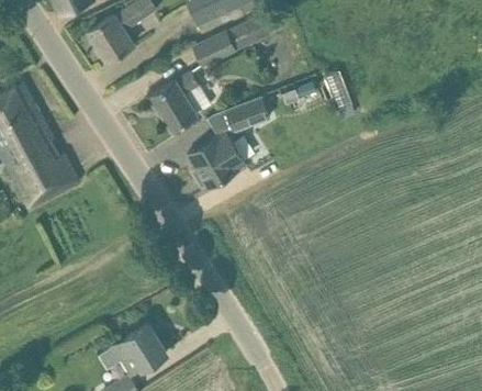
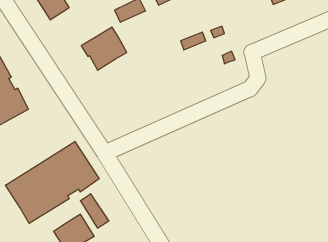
building: [187,96,269,188] -> none
building: none -> [5,141,99,223]
building: none -> [80,194,109,228]

